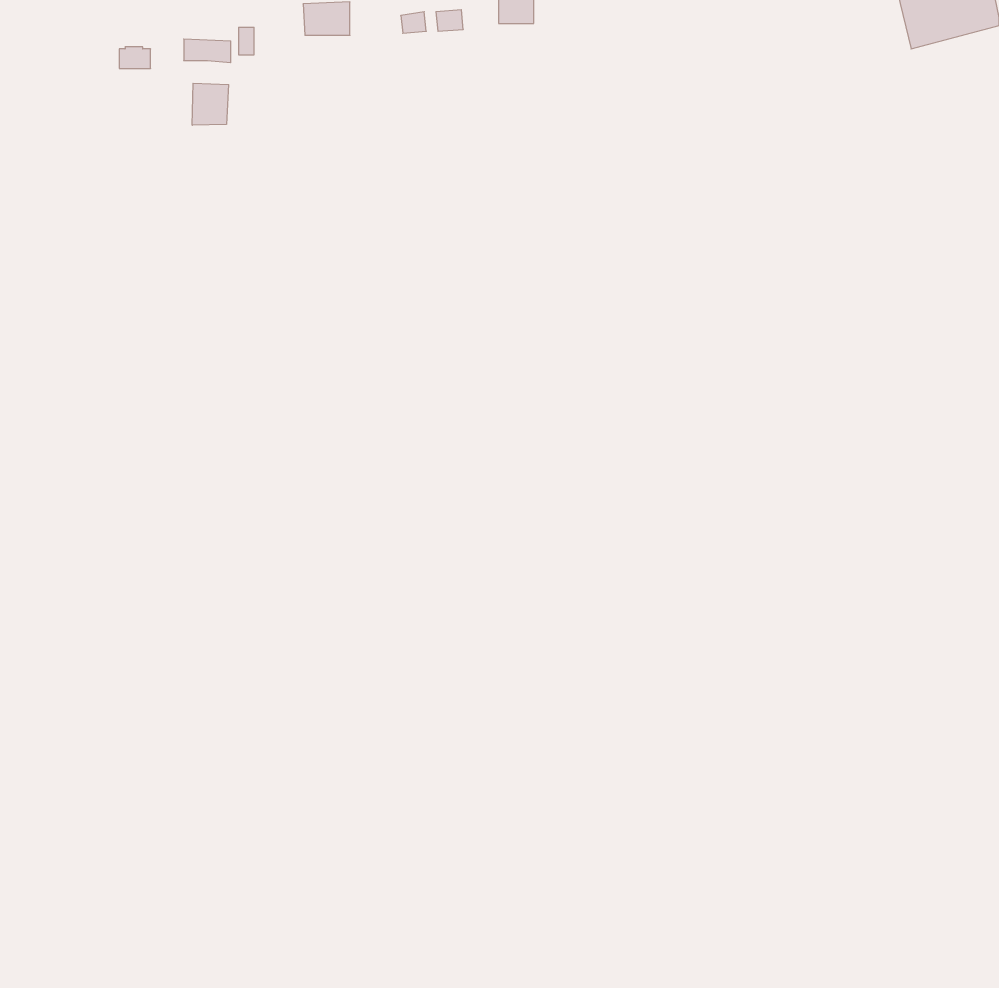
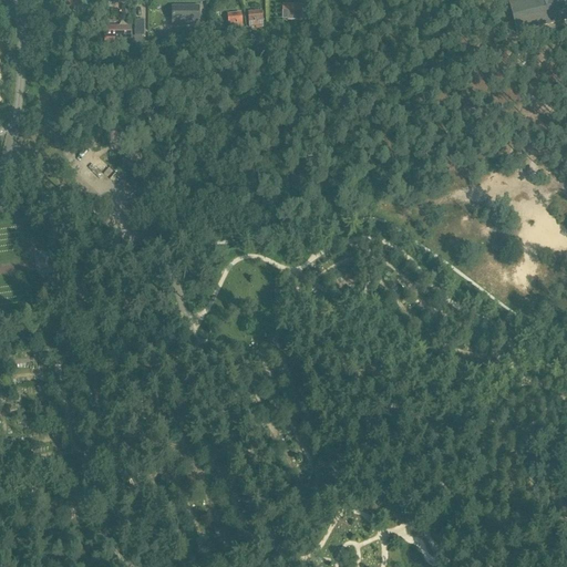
building: [192,83,229,125] -> none

